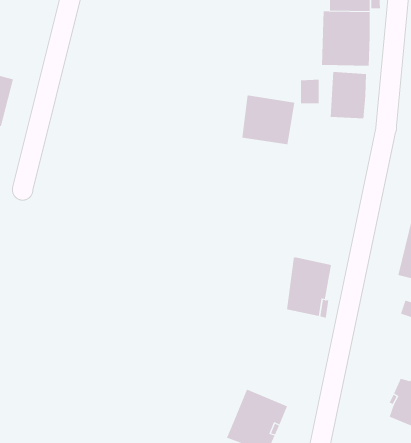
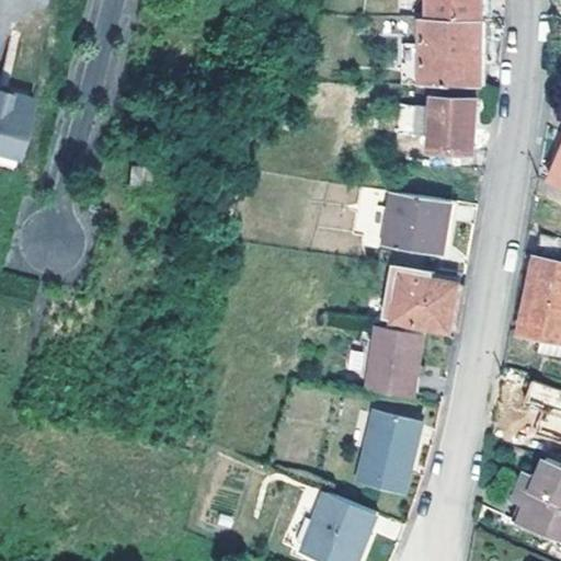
building: [242,95,295,145] -> [383,191,450,253]
building: none -> [379,266,455,331]
building: none -> [354,410,419,493]

